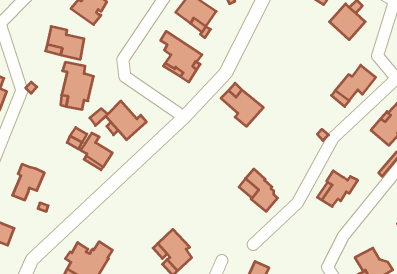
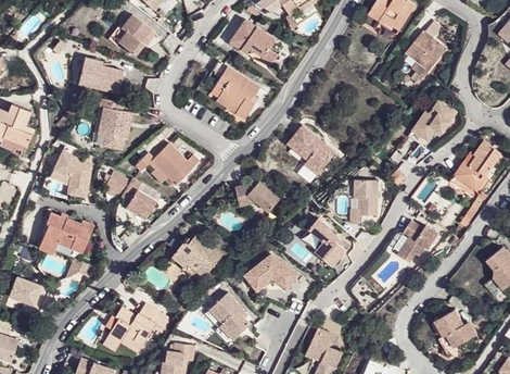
building: none -> [50,145,90,194]
building: none -> [234,180,280,211]
building: none -> [352,180,380,226]
building: none -> [69,221,94,253]
building: none -> [169,233,220,275]
building: none -> [243,254,299,289]

